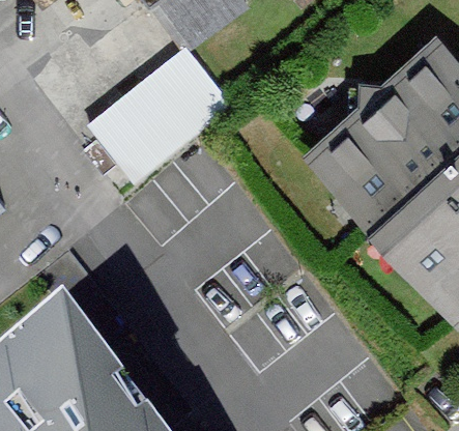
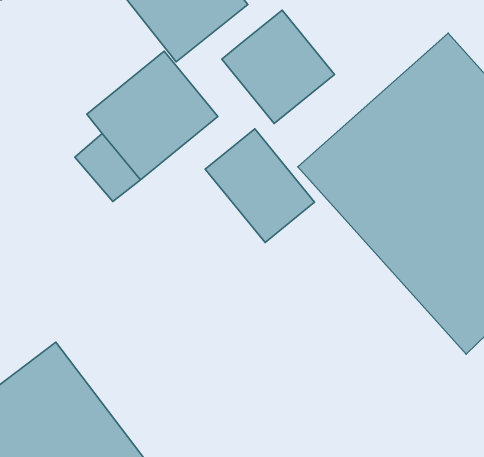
building: none -> [222,10,334,123]
building: none -> [205,129,315,242]

